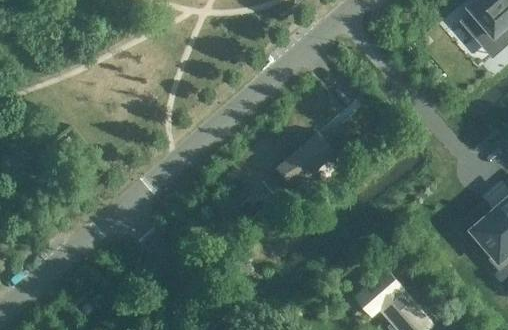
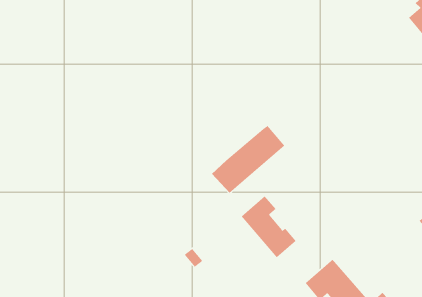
building: none -> [241,196,297,258]

